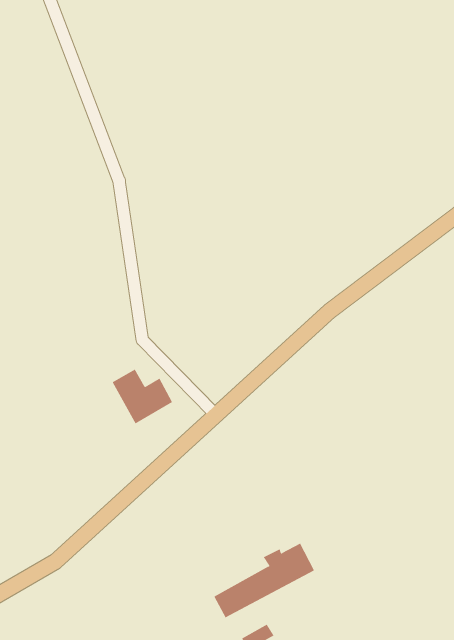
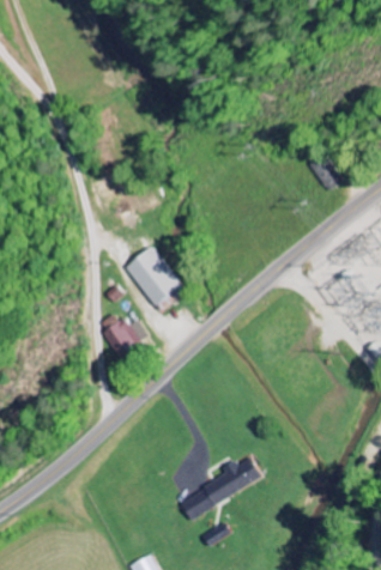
building: none -> [125,245,186,310]

